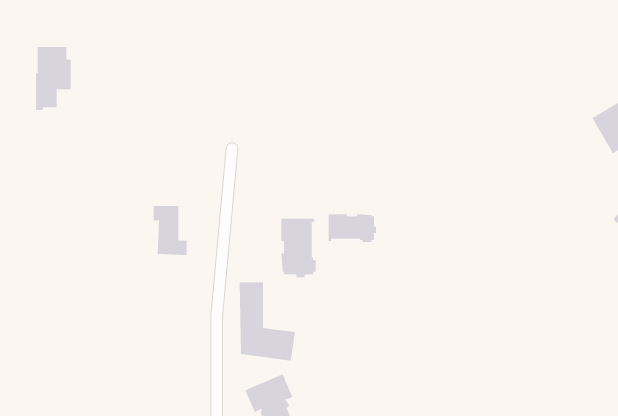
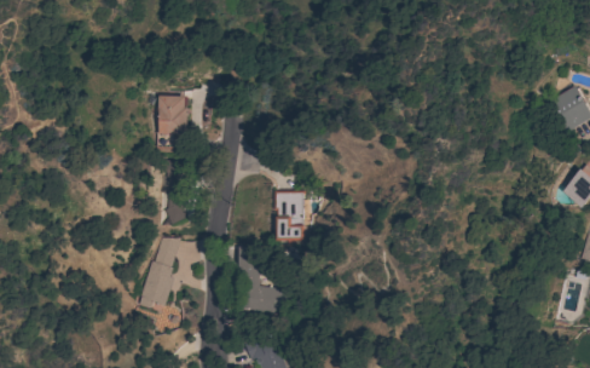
building: [35,47,71,111] -> [158,97,190,153]
building: [328,213,377,243] -> none
building: none -> [140,235,181,310]

